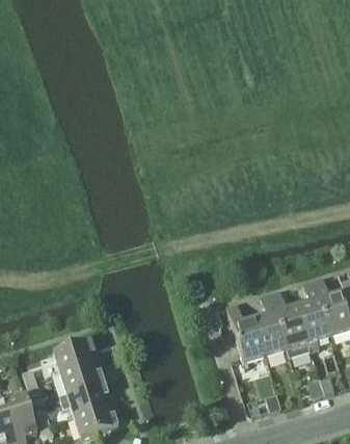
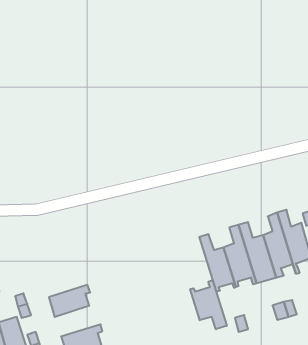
building: [53,340,103,373] -> none
building: none -> [190,280,227,329]
building: [60,383,117,417] -> none

